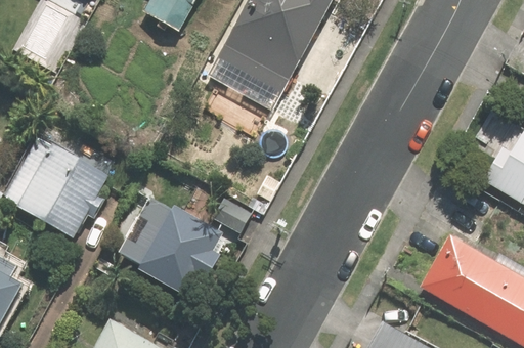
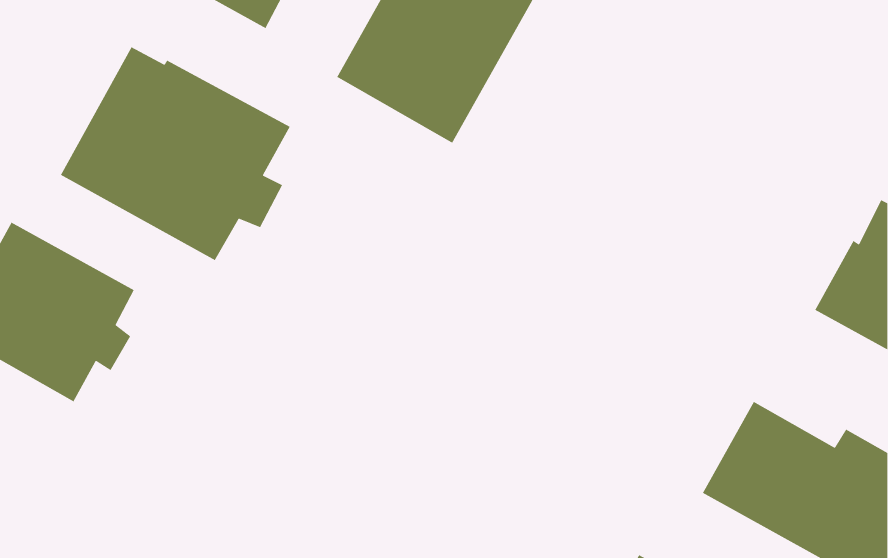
building: none -> [60,46,291,261]
building: [119,200,223,298] -> none

